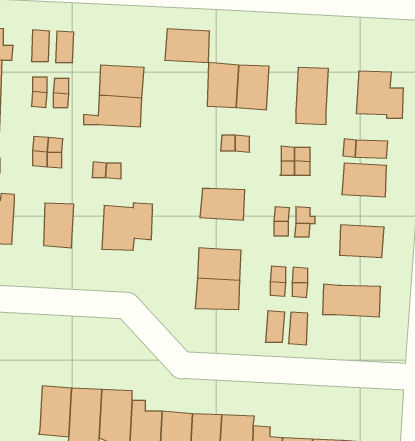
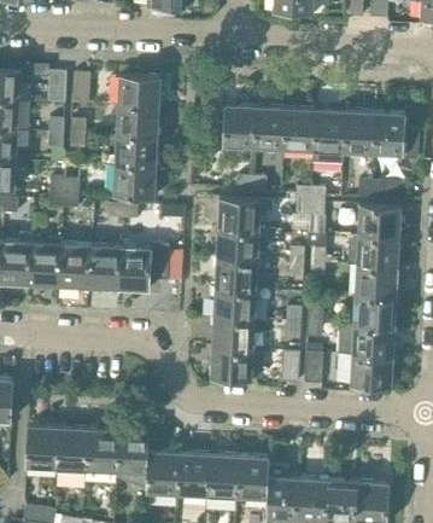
building: [165,29,210,63] -> [116,75,160,109]
building: none -> [281,107,312,152]
building: none -> [340,110,373,155]
building: none -> [112,165,156,198]
building: none -> [217,197,273,231]
building: none -> [346,236,399,268]
building: none -> [28,239,60,286]
building: none -> [87,245,119,290]
building: none -> [213,258,258,291]
building: none -> [352,296,396,327]
building: none -> [209,349,253,380]
building: none -> [349,355,393,388]
building: none -> [24,425,58,470]

